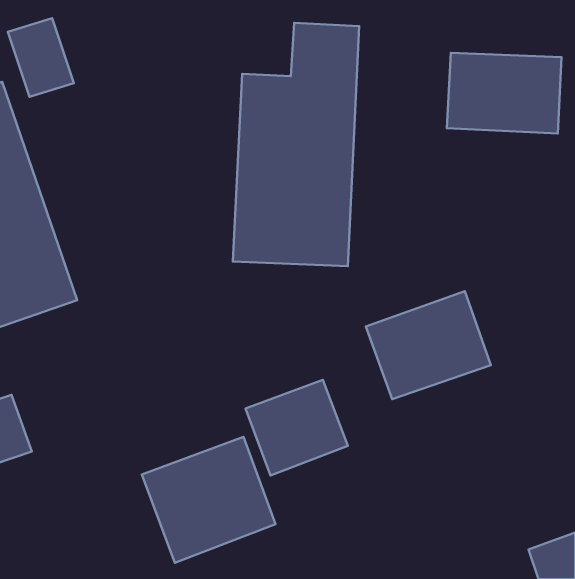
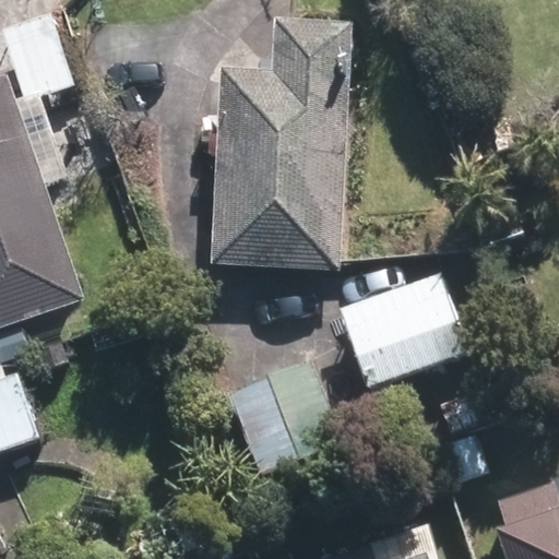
building: [447,53,561,134] -> none
building: [142,437,275,563] -> none

